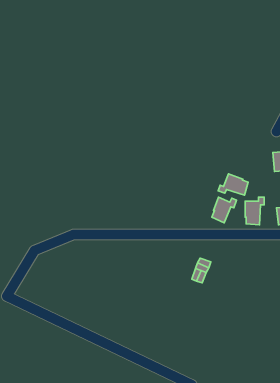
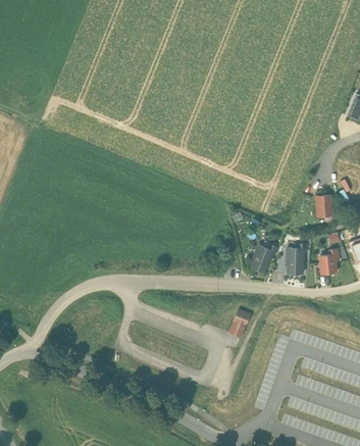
building: [218,174,248,195] -> none

